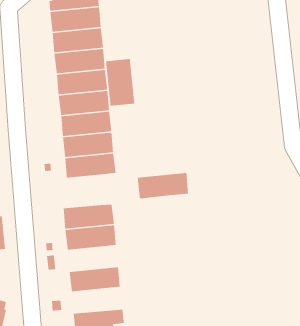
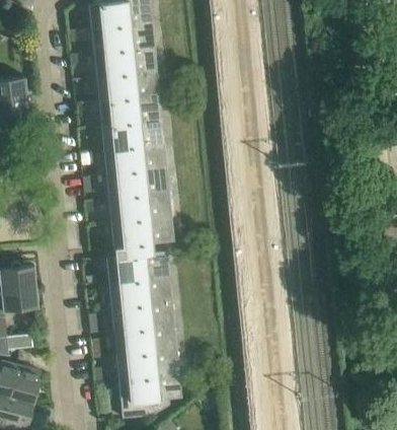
building: [105,58,135,106] -> none
building: [137,172,189,199] -> [110,215,173,247]
building: none -> [111,302,174,334]
building: none -> [116,353,179,384]

